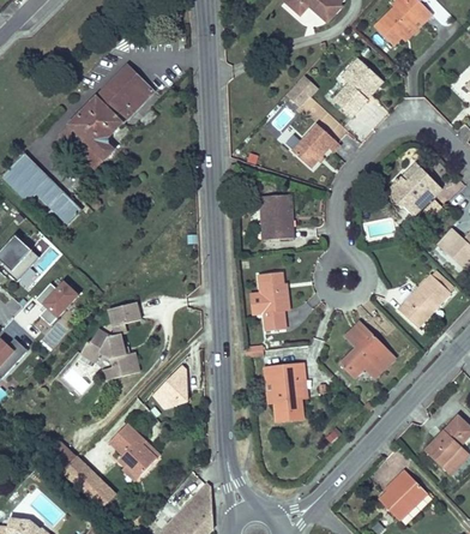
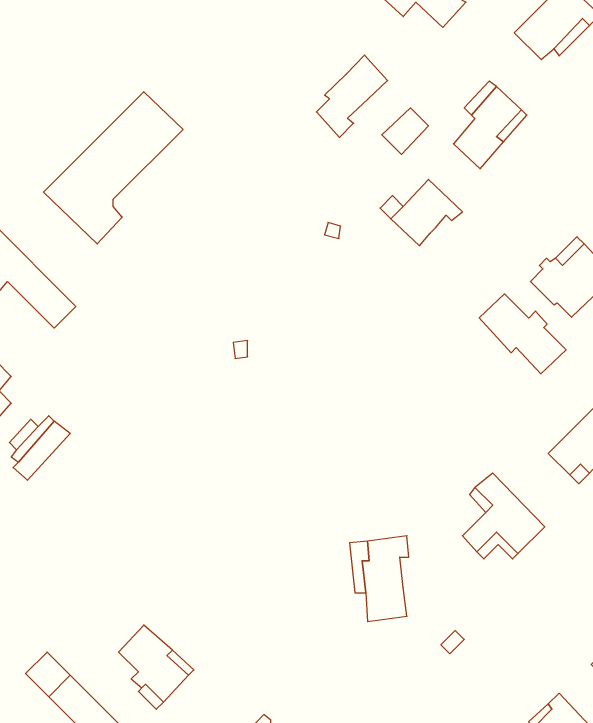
building: none -> [316,55,388,137]
building: [259,194,293,239] -> none
building: none -> [479,294,566,374]
building: [258,271,285,330] -> none
building: [79,300,139,379] -> none
building: [153,365,188,407] -> none

